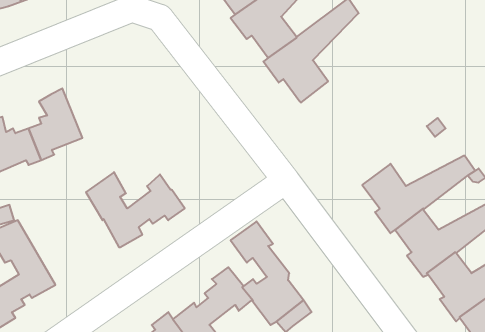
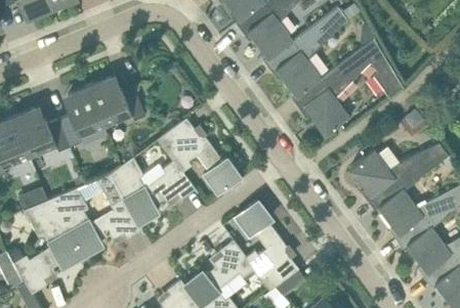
building: none -> [291,39,403,135]
building: none -> [88,79,145,128]
building: none -> [157,118,240,193]
building: none -> [49,175,141,256]

